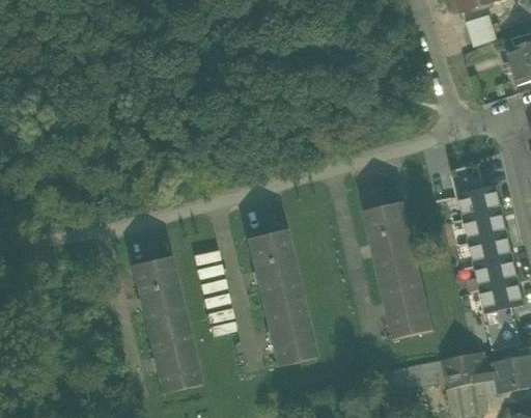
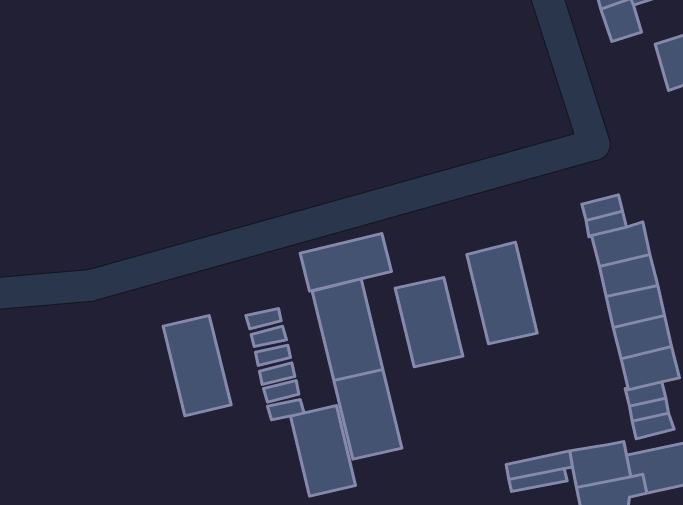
building: none -> [300,234,391,291]
building: [381,269,432,337] -> [395,277,463,367]
building: [148,324,198,393] -> [291,405,356,496]

